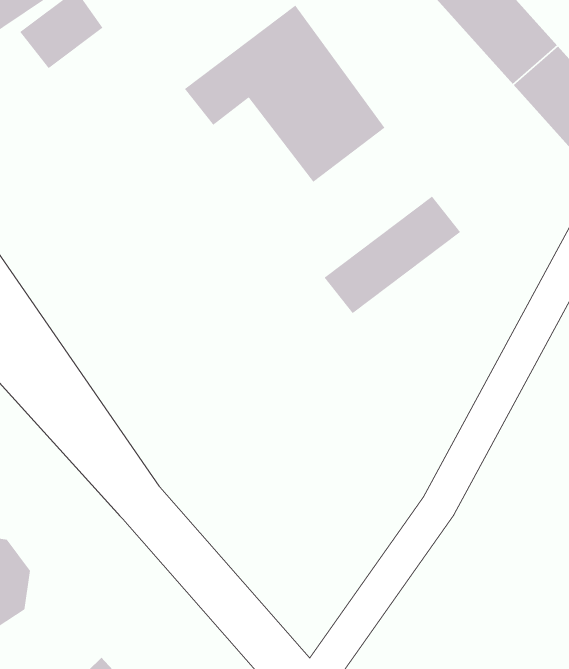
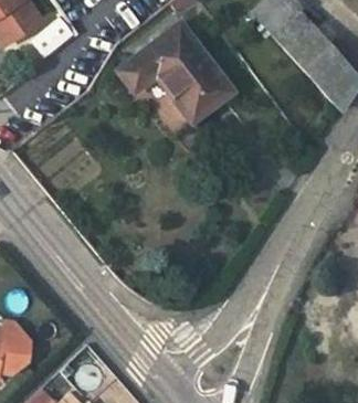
building: [324,196,461,314] -> none

